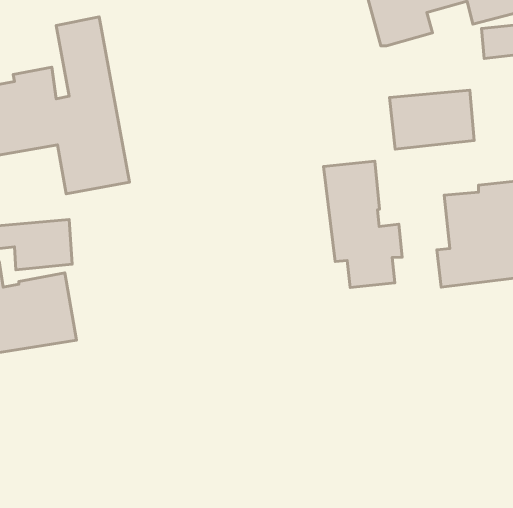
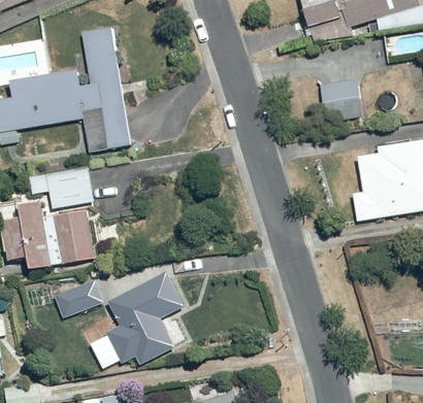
building: [324,161,402,287] -> none
building: none -> [104,270,184,365]
building: none -> [54,281,99,318]

